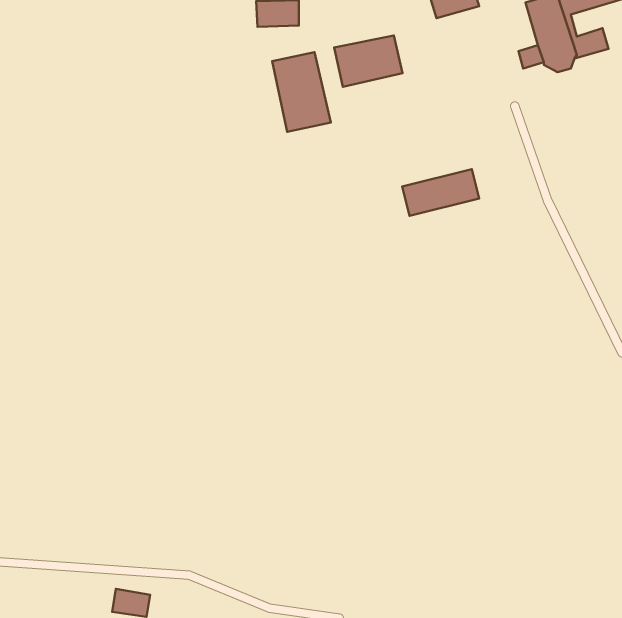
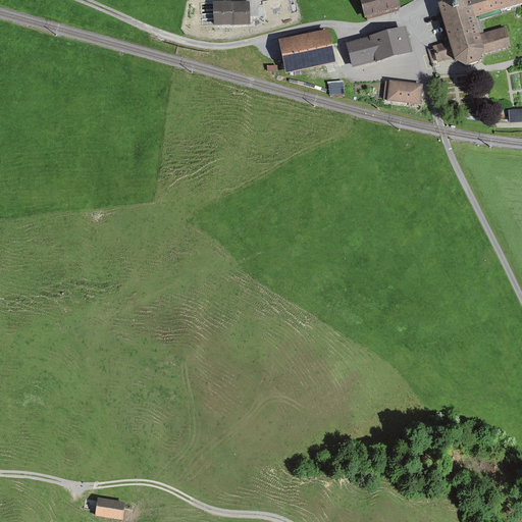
building: [272,52,331,132] -> none
building: none -> [383,79,422,104]
building: [402,169,479,216] -> [347,28,411,66]

